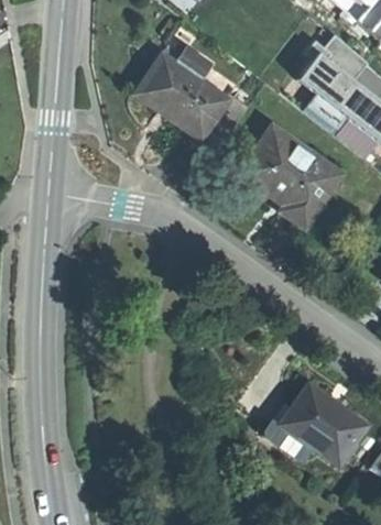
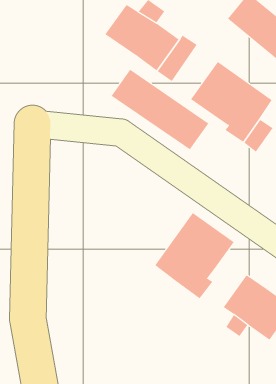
building: none -> [111,69,209,150]
building: none -> [154,212,235,299]

